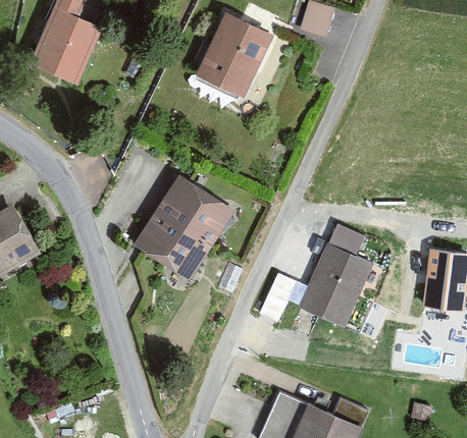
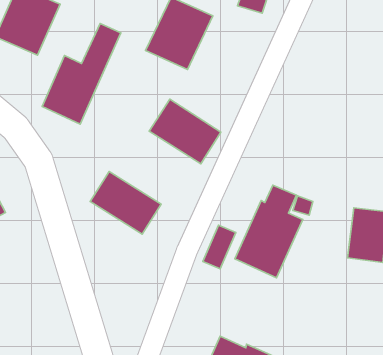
building: none -> [42,23,121,124]
building: [155,174,236,247] -> [149,99,221,164]

